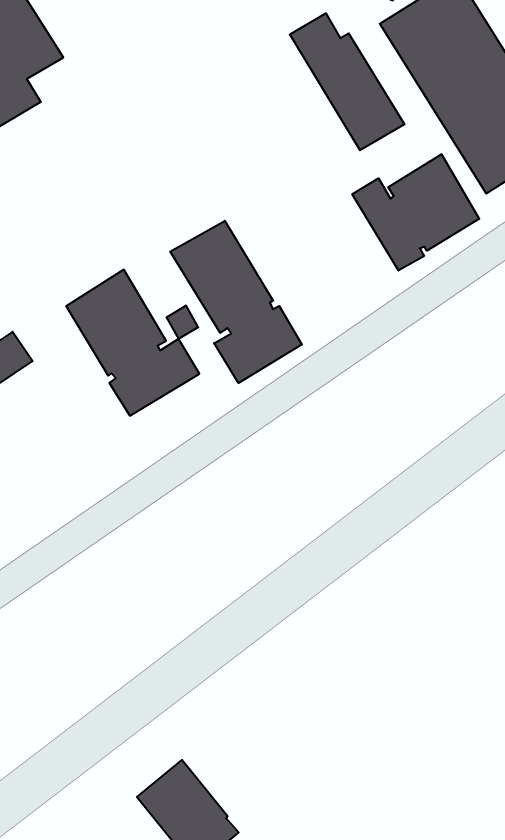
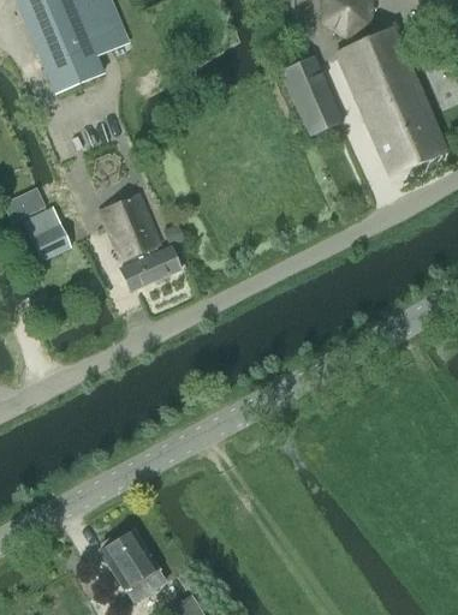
building: [352,154,479,271] -> none
building: [170,221,302,383] -> none

